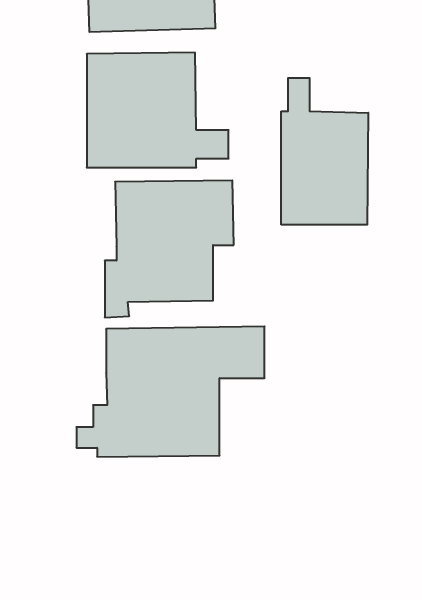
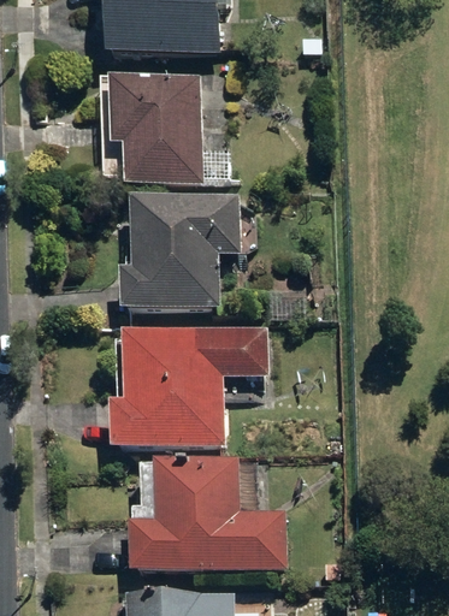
building: [281,78,368,225] -> none
building: none -> [126,451,294,573]

